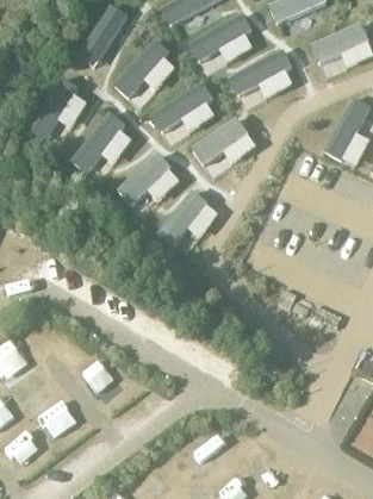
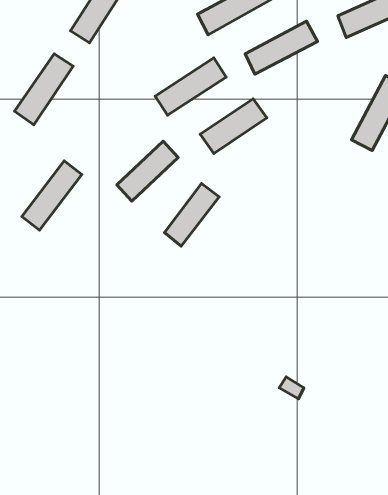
building: [114,39,170,98] -> none
building: [73,113,125,174] -> [22,161,82,230]

